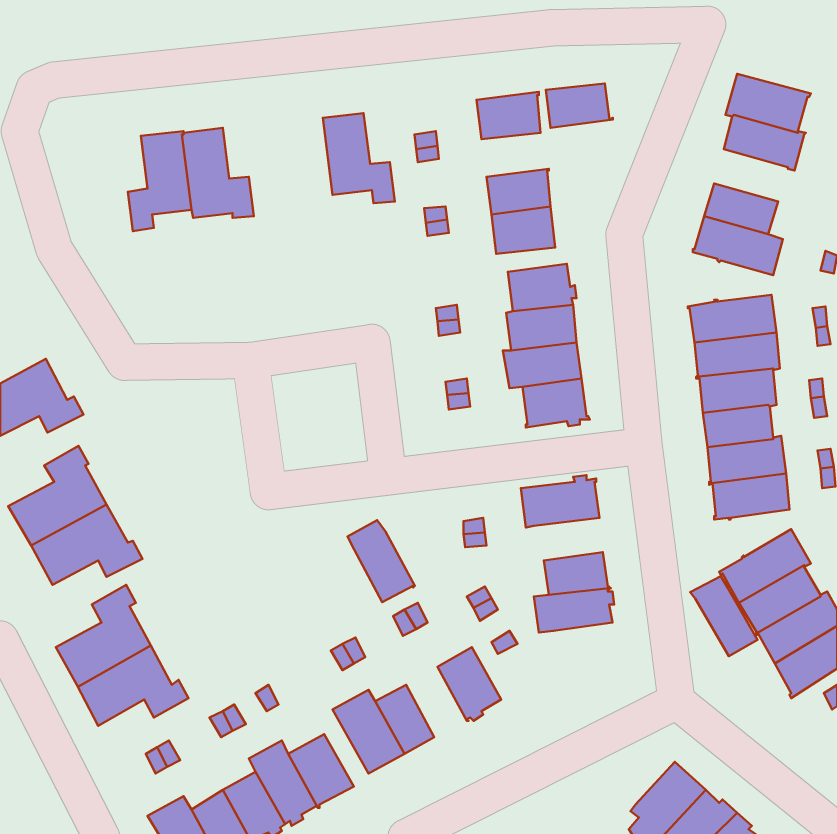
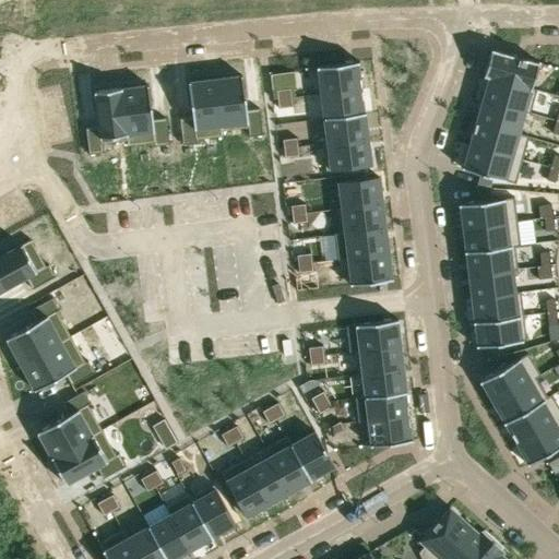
building: [546,83,613,128] -> [321,91,366,120]
building: none -> [179,81,223,146]
building: none -> [476,102,525,136]
building: none -> [356,347,402,376]
building: [348,520,415,602] -> [266,439,311,493]
building: [690,576,757,656] -> none
building: none -> [369,417,413,448]

